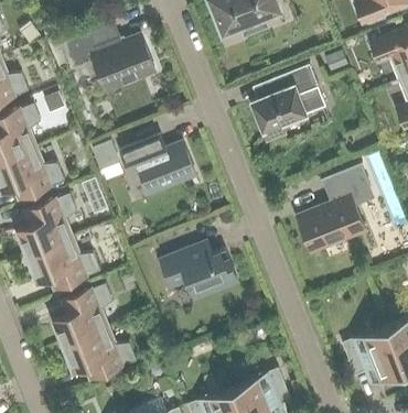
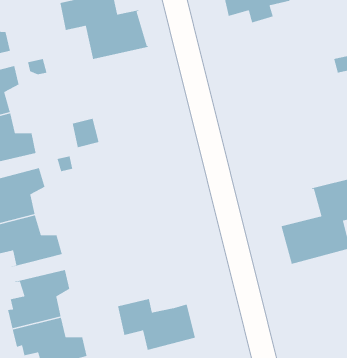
building: [251,65,318,142] -> none
building: [120,135,198,195] -> none
building: [160,250,236,298] -> [117,298,196,351]

